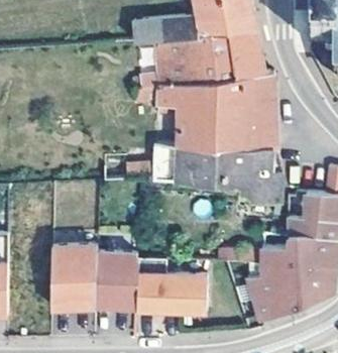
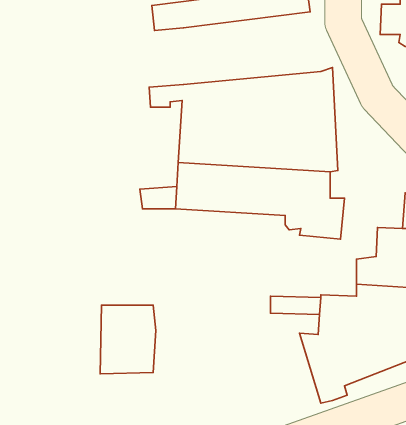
building: [159,25,264,81] -> none
building: [50,241,97,304] -> none
building: [136,268,200,306] -> none

